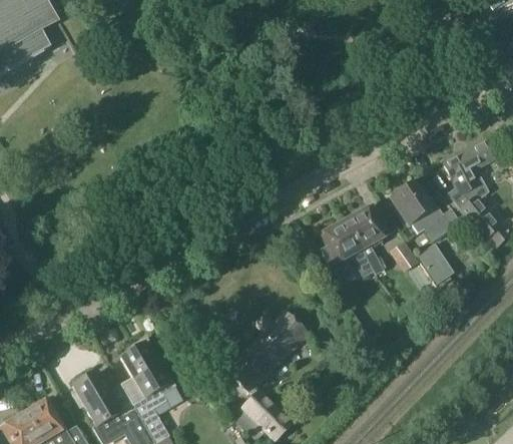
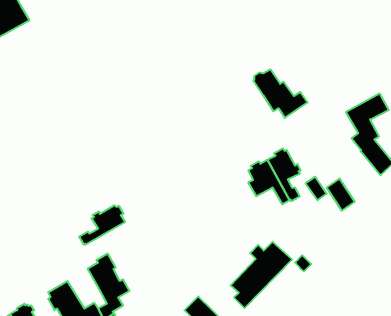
building: [393,182,460,243] -> [253,69,308,118]
building: none -> [79,205,125,245]
building: [231,311,308,393] -> [231,242,292,308]

